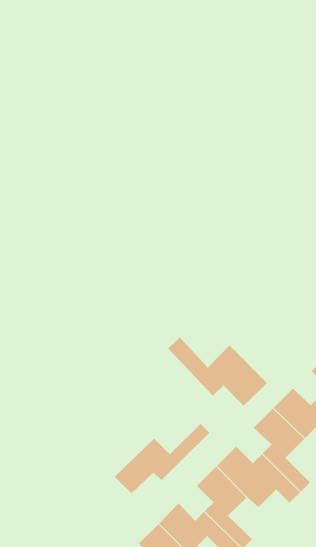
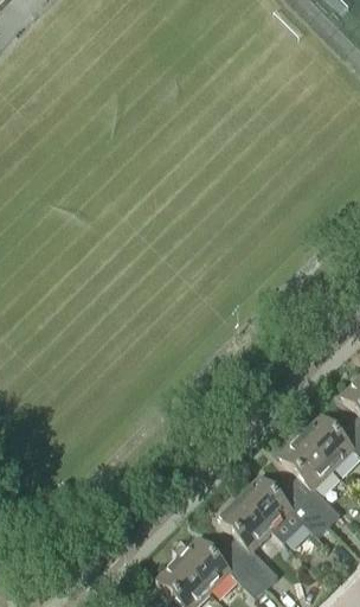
building: [168,337,268,407] -> none
building: [114,423,210,494] -> none

